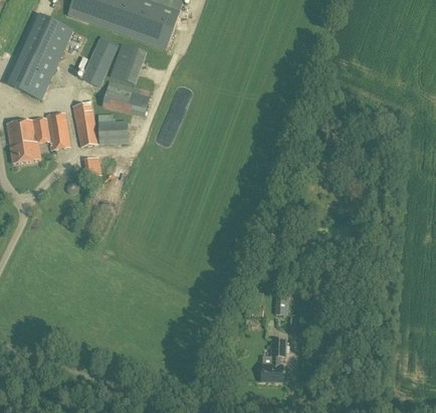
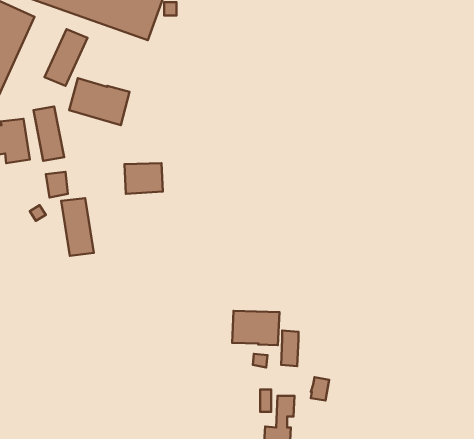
building: [108,43,147,84] -> none
building: [97,120,129,145] -> [124,163,163,194]
building: none -> [61,198,94,256]
building: none -> [232,311,280,345]

